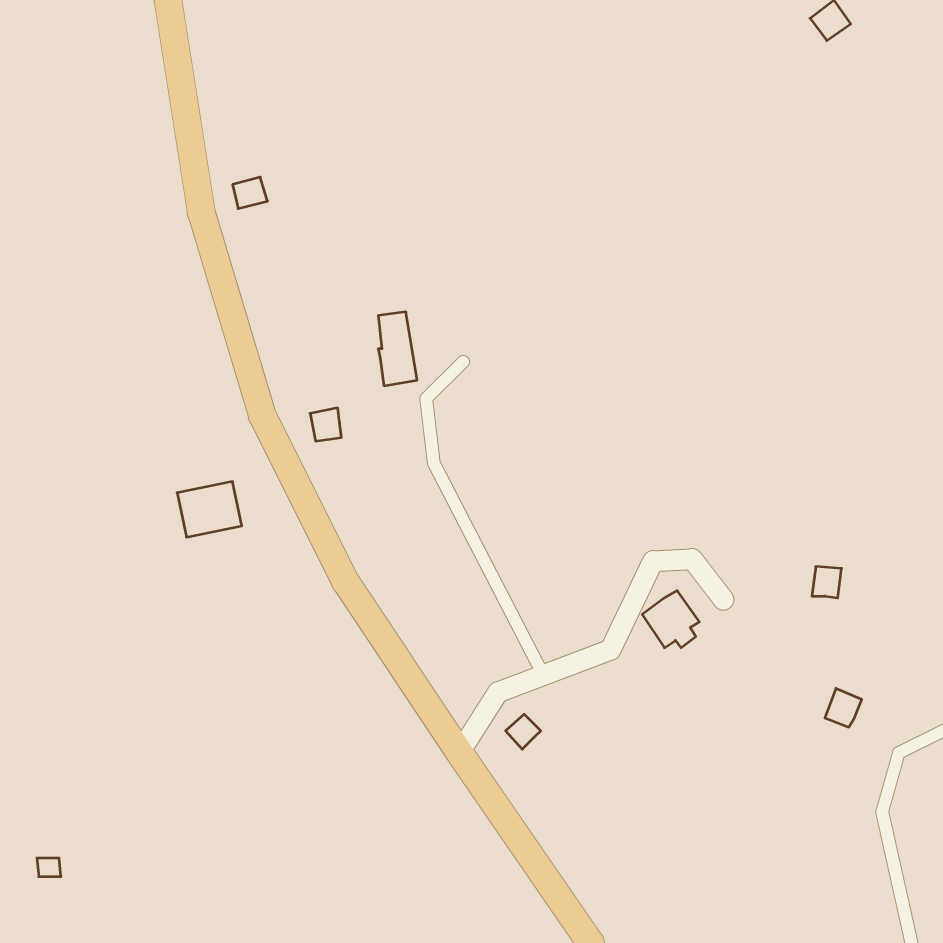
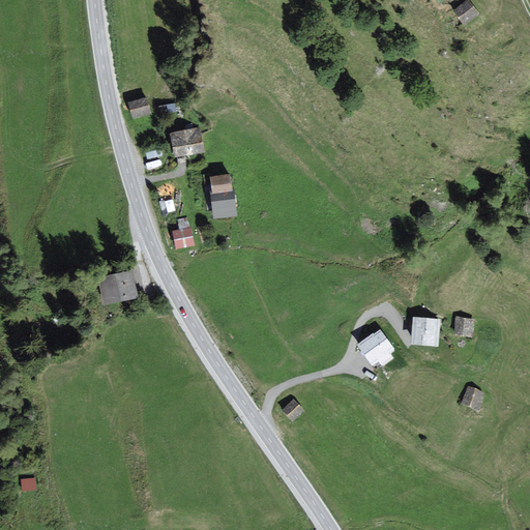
building: none -> [171,128,203,156]
building: none -> [413,318,437,344]

